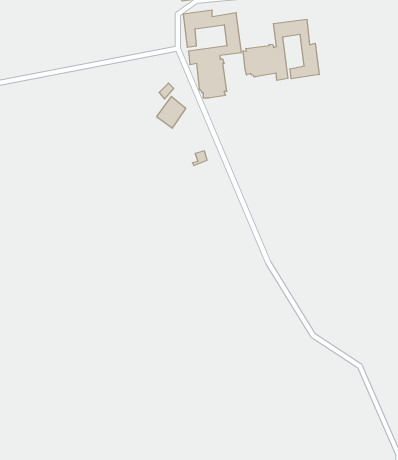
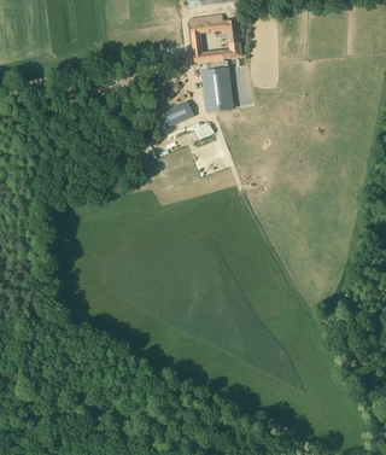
building: [243,19,319,80] -> none

